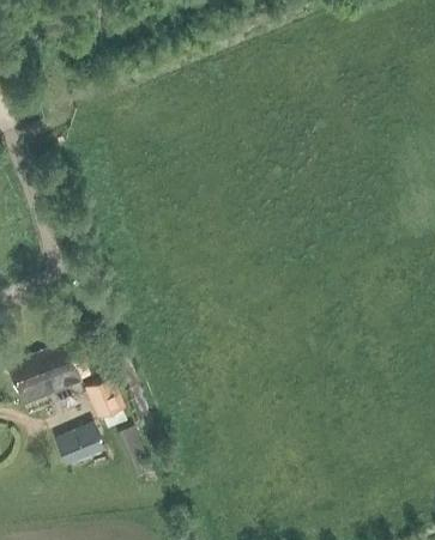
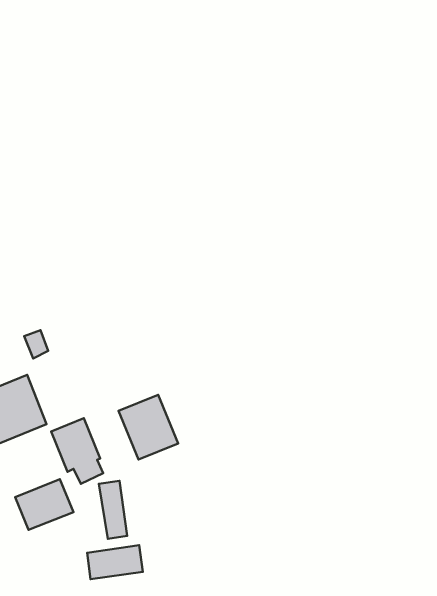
building: none -> [118,395,178,459]
building: none -> [87,545,143,579]

